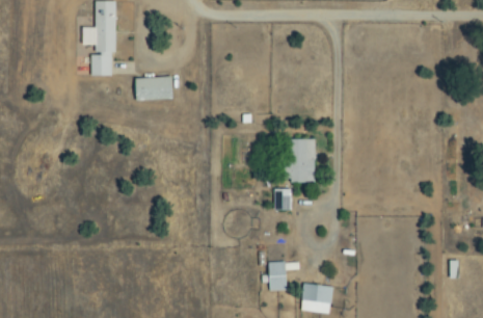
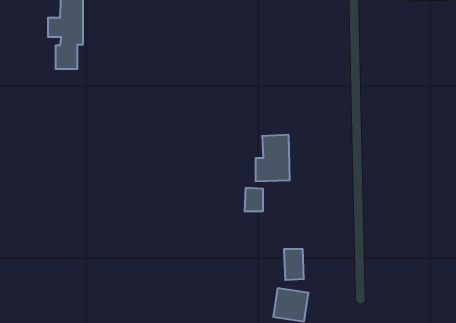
building: [139,77,177,101] -> none
building: [266,262,285,291] -> [284,249,304,280]

